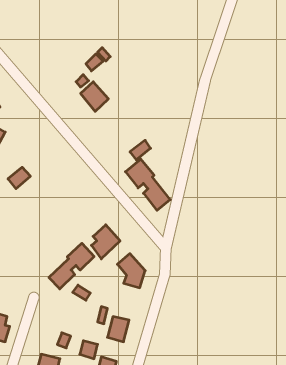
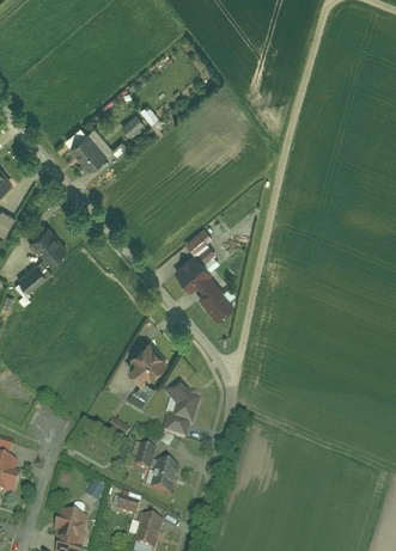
building: [81,82,108,111] -> [69,133,106,172]
building: none -> [29,225,67,265]
building: [49,243,94,289] -> none

